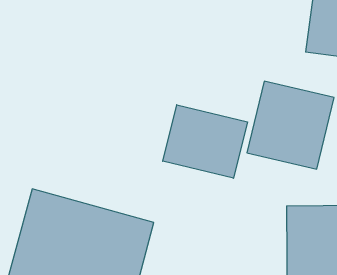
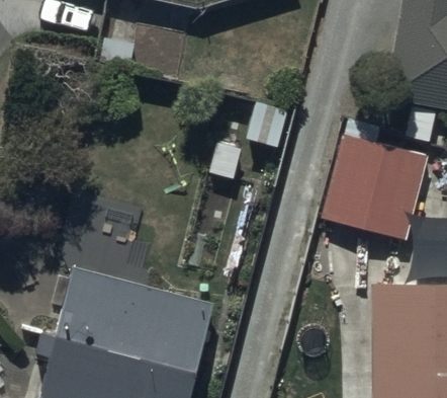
building: [163,105,247,178] -> none

